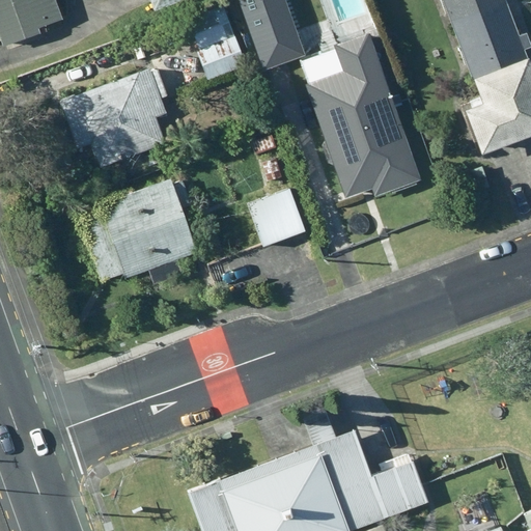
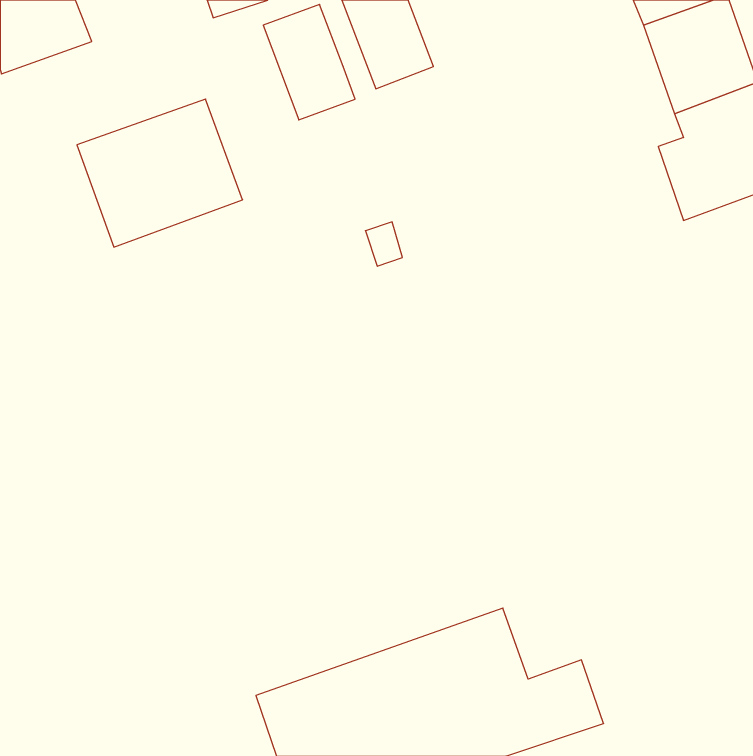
building: [301,30,423,211] -> none
building: [79,178,200,286] -> none
building: [247,190,306,249] -> none

